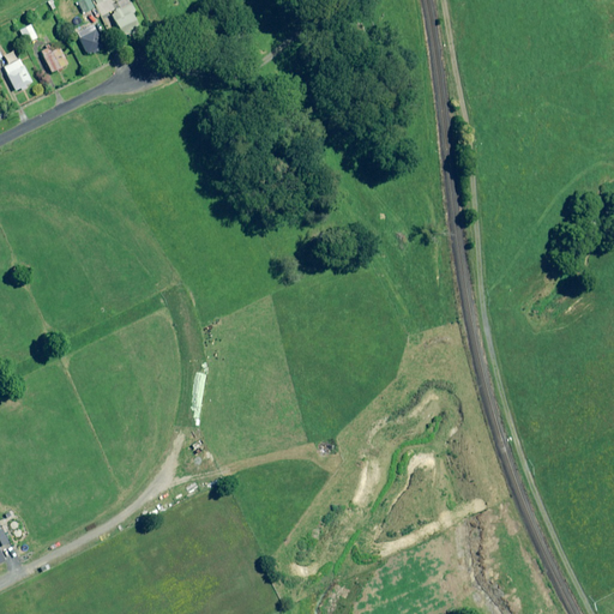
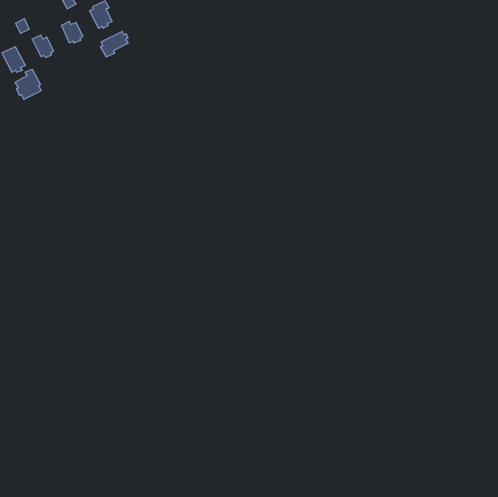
building: none -> [101,31,128,57]
building: none -> [15,69,41,99]

